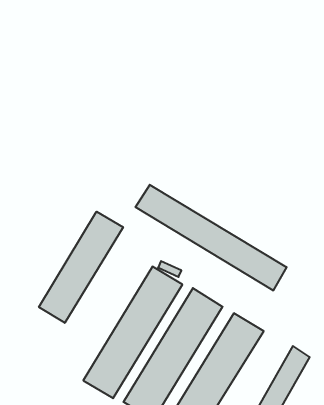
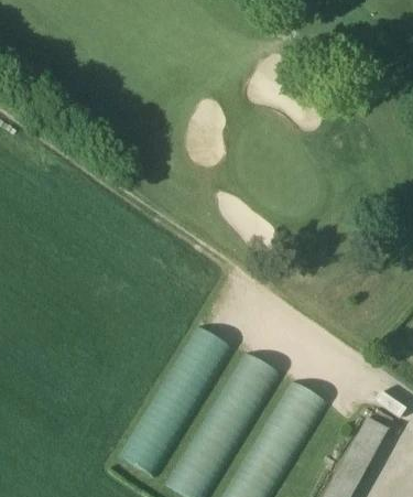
building: [136,185,287,291] -> none
building: [39,212,123,323] -> none

